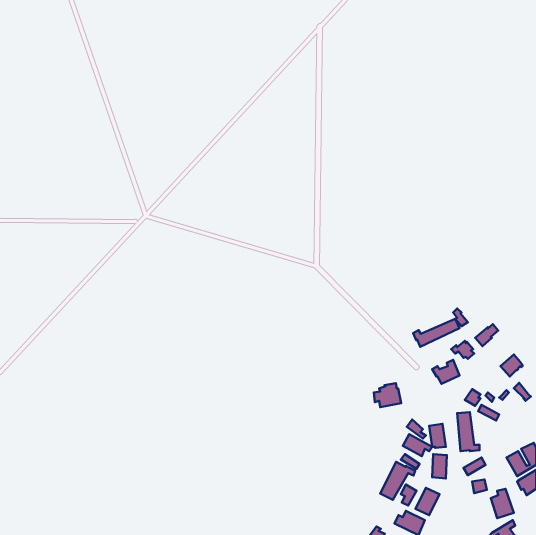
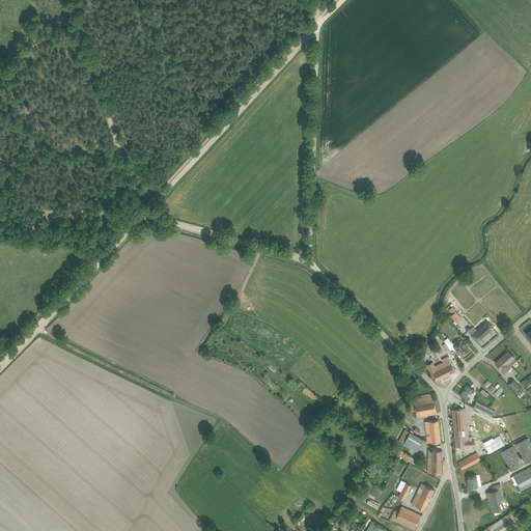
building: [413,319,460,347] -> none
building: [374,383,401,407] -> [410,394,437,418]
building: [380,462,415,500] -> none

